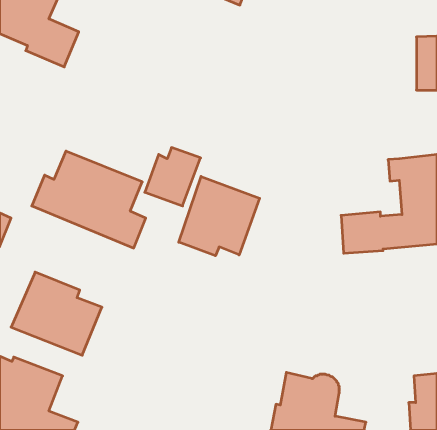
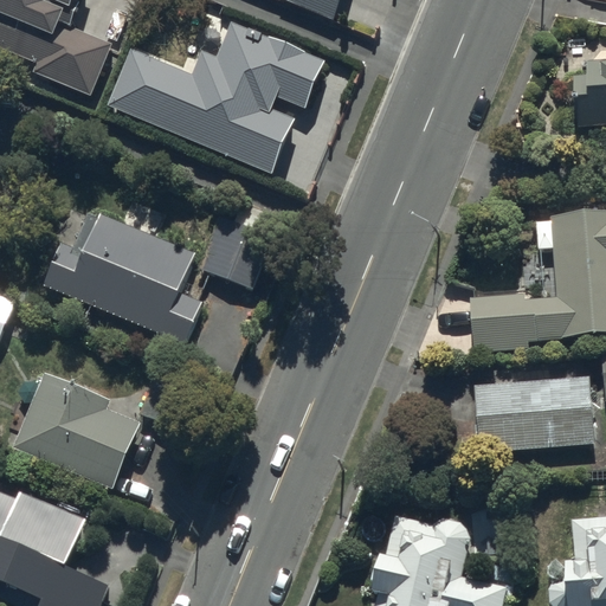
building: none -> [104,24,324,176]
building: [179,176,260,256] -> none
building: none -> [475,374,594,452]

